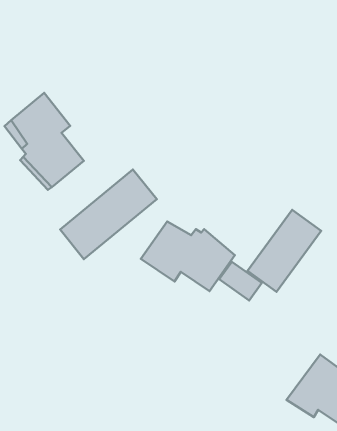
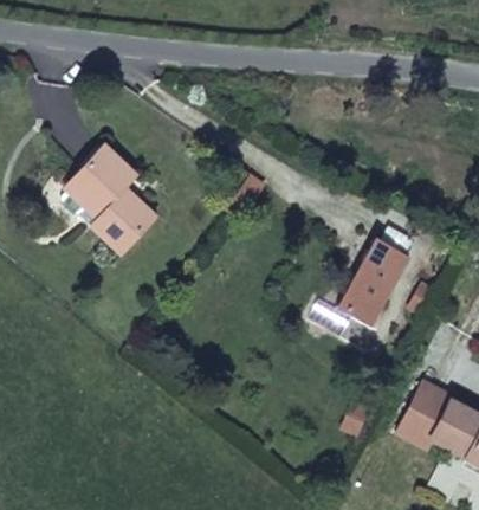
building: [60,170,157,259] -> none
building: [141,221,235,291] -> none

